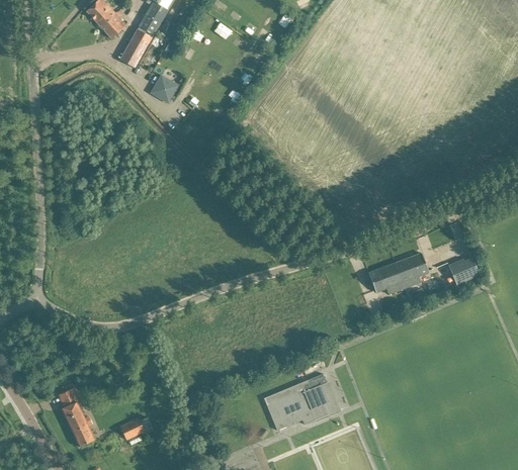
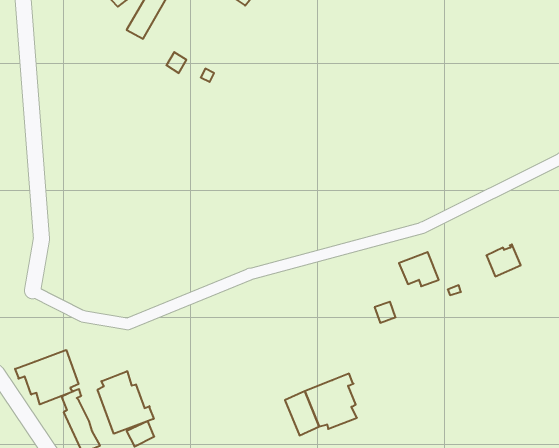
building: [395,253,429,287] -> none
building: none -> [15,350,79,404]
building: none -> [98,371,154,434]

